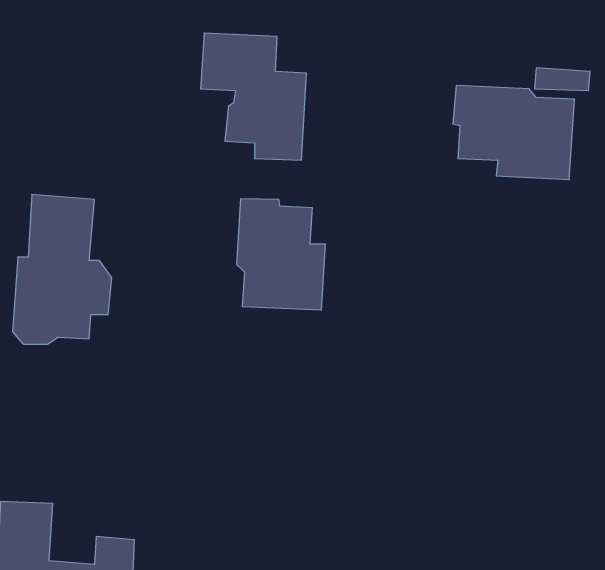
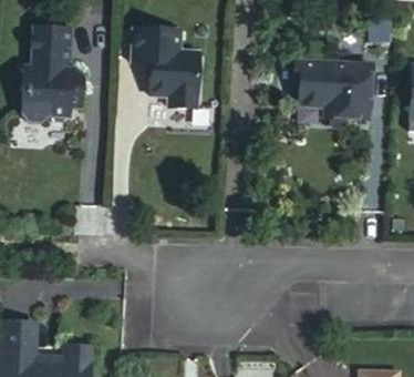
building: [13,194,112,344] -> [20,24,83,120]
building: [237,199,325,310] -> none

